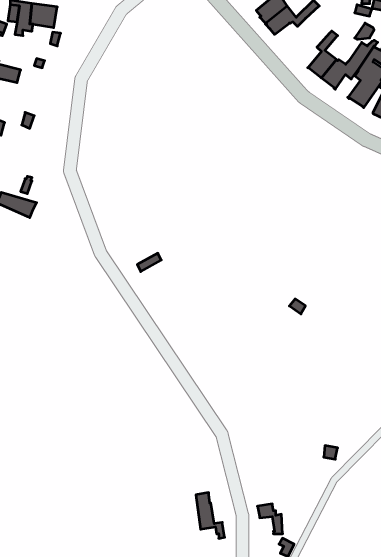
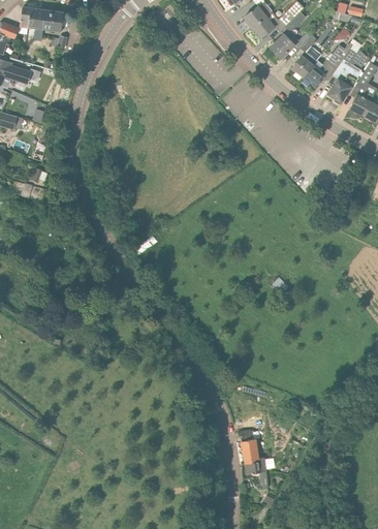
building: none -> [270,12,310,59]
building: [196,493,225,538] -> [241,431,266,472]

